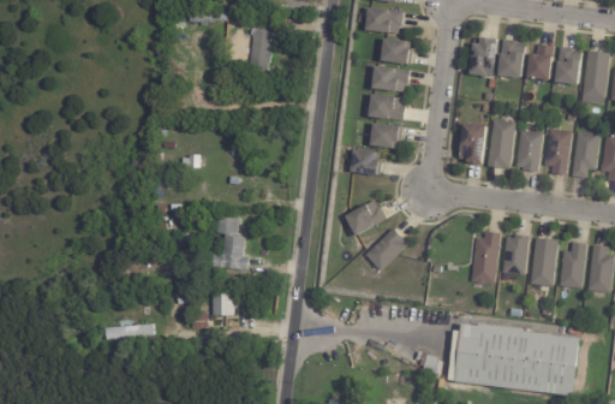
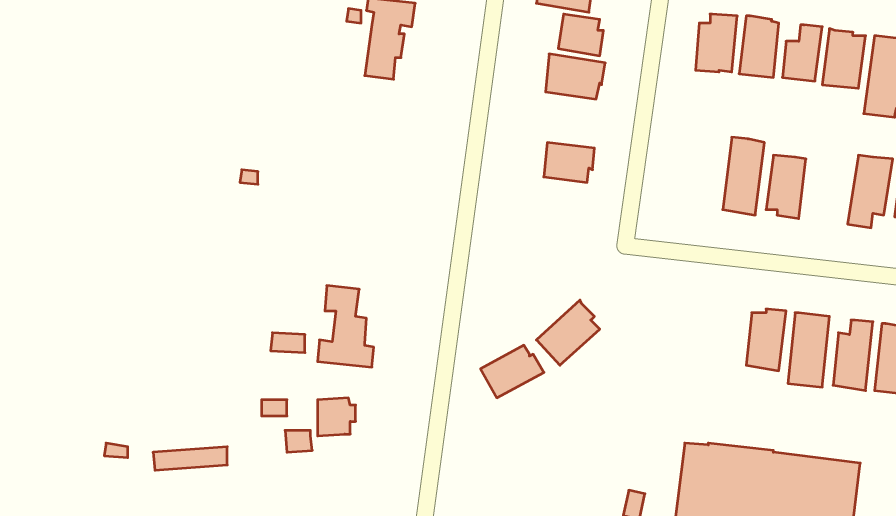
building: [364,93,405,123] -> none
building: [459,124,485,165] -> none
building: [542,126,569,174] -> none
building: [348,148,381,176] -> none
building: [344,201,386,236] -> [481,345,544,398]
building: [471,230,500,283] -> none

